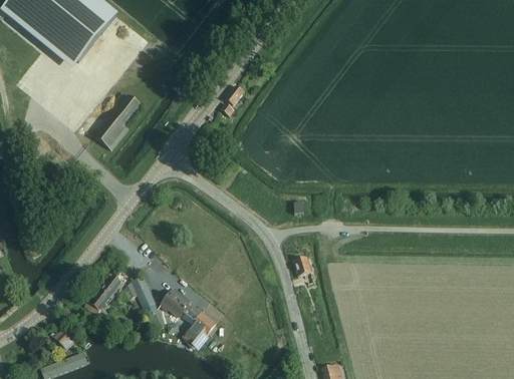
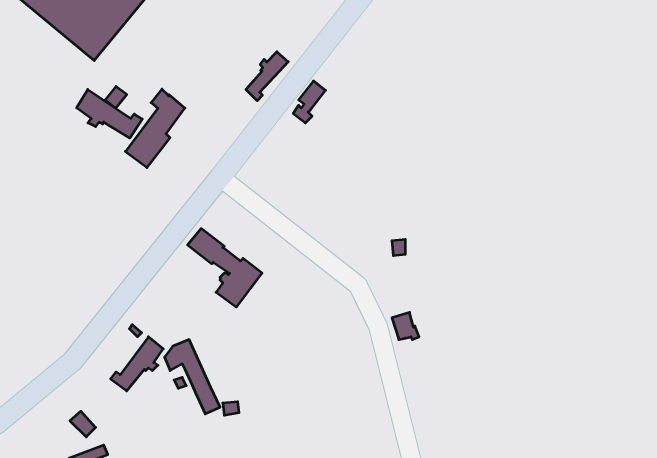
building: none -> [246,52,288,101]
building: none -> [77,89,142,138]
building: [161,289,216,347] -> [188,229,262,307]

